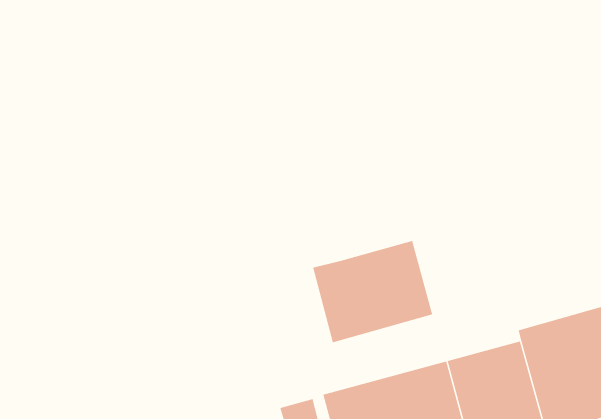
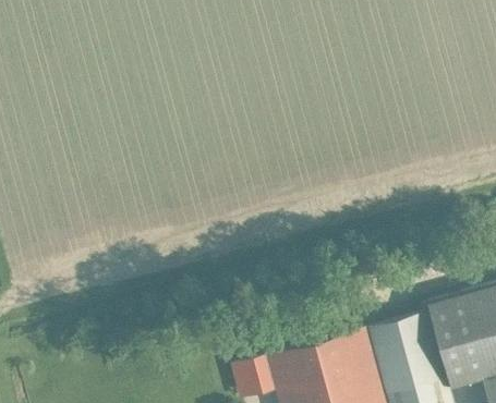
building: [312,240,433,343] -> none

